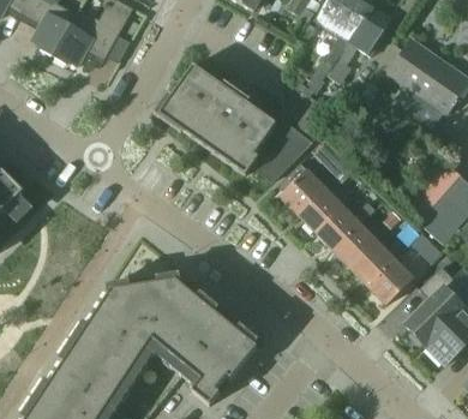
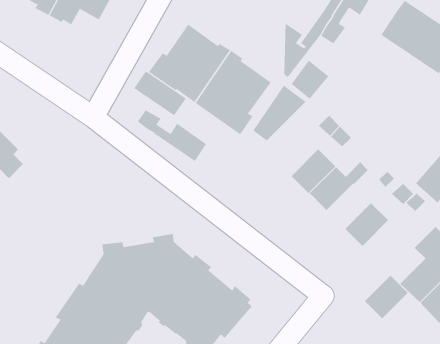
building: none -> [134,70,186,116]
building: none -> [137,109,207,162]
building: [278,169,324,215] -> none
building: [332,223,377,268] -> none
building: [368,259,413,304] -> [364,275,409,319]

